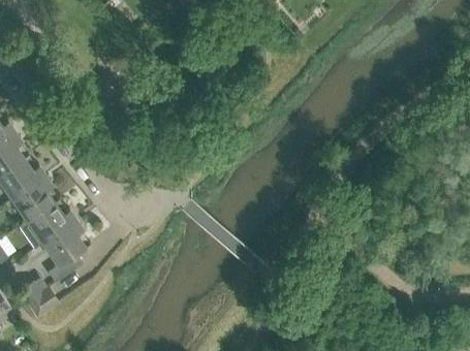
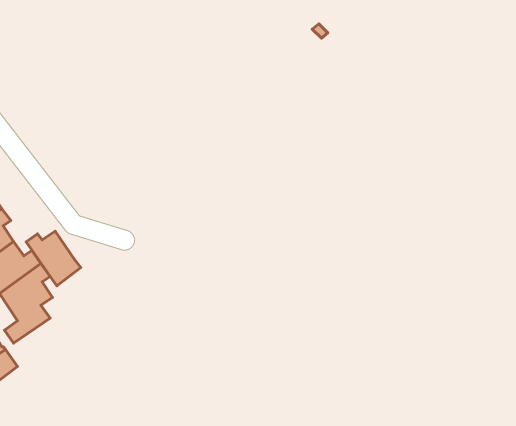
building: none -> [26,231,81,286]

